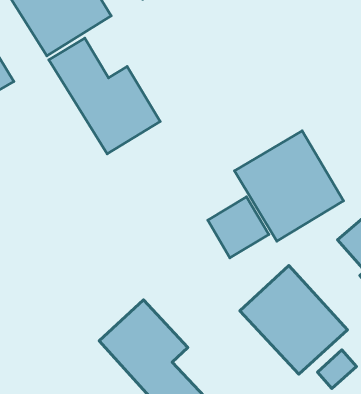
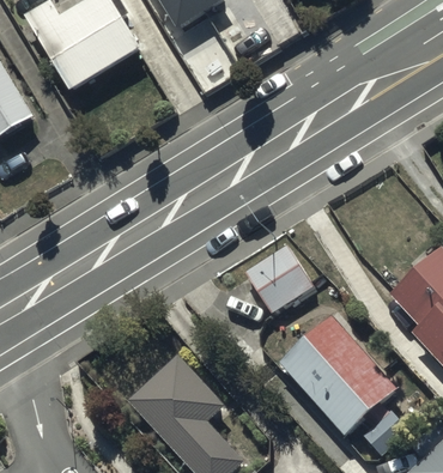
building: [49,38,160,154] -> none
building: [234,131,343,241] -> none

